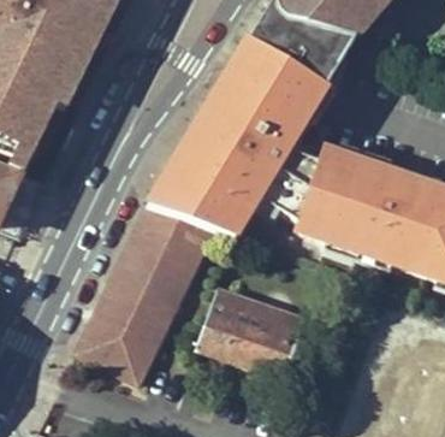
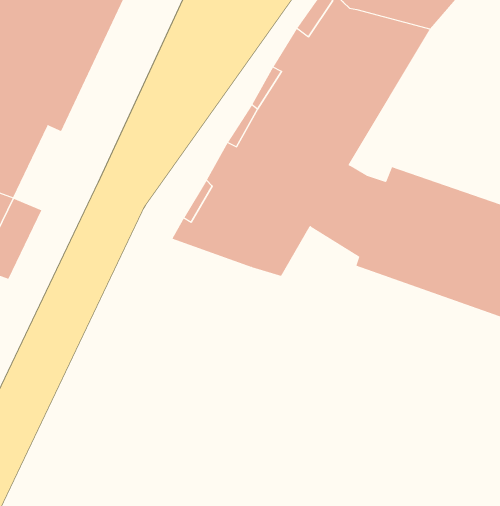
building: [77,206,210,378] -> none
building: [196,289,305,379] -> none

